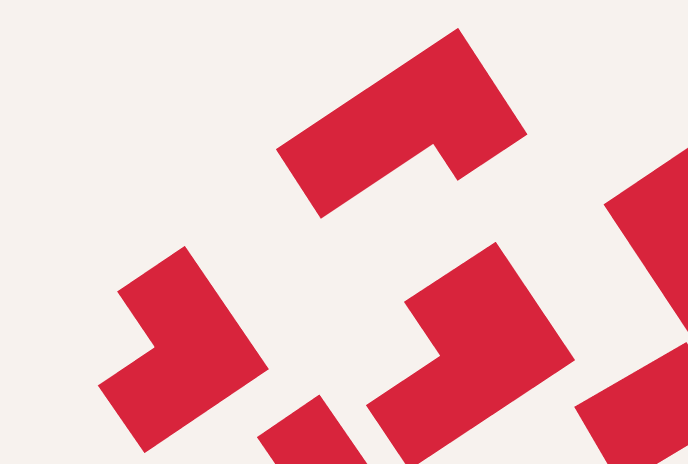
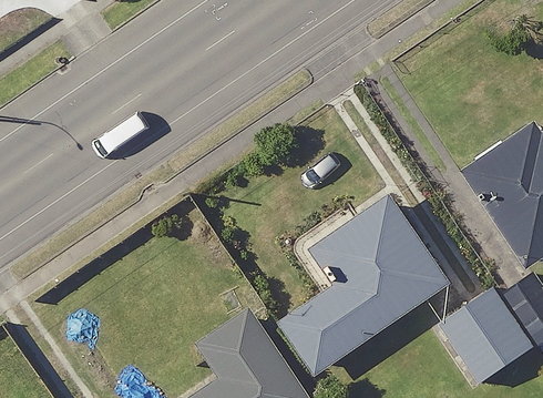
building: [275,27,528,220] -> none
building: [97,245,270,454] -> none

